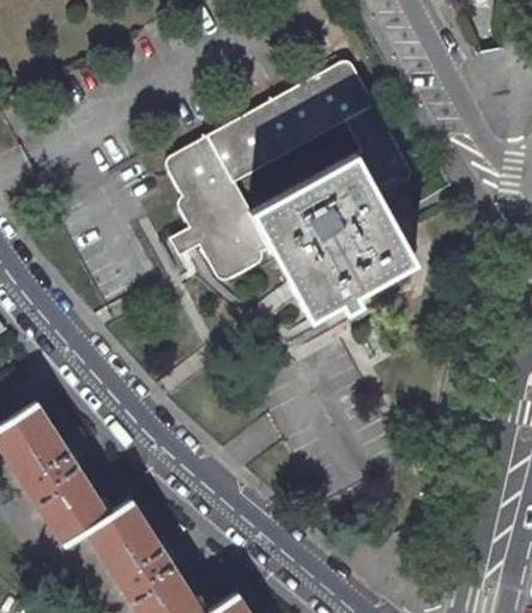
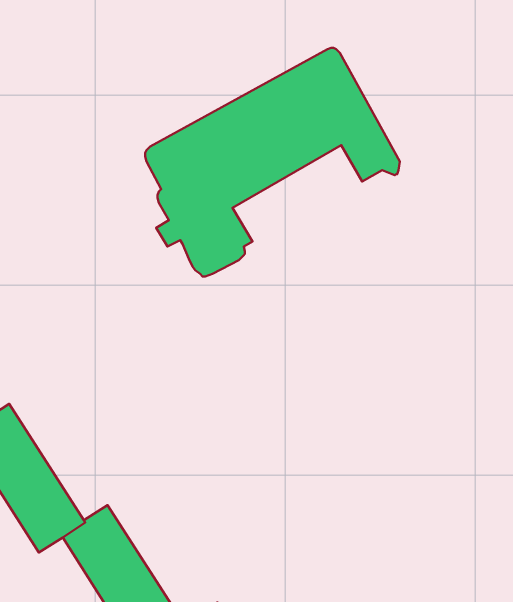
building: [249,156,413,322] -> none

